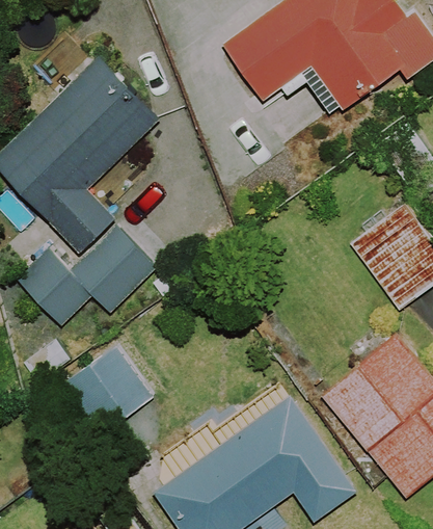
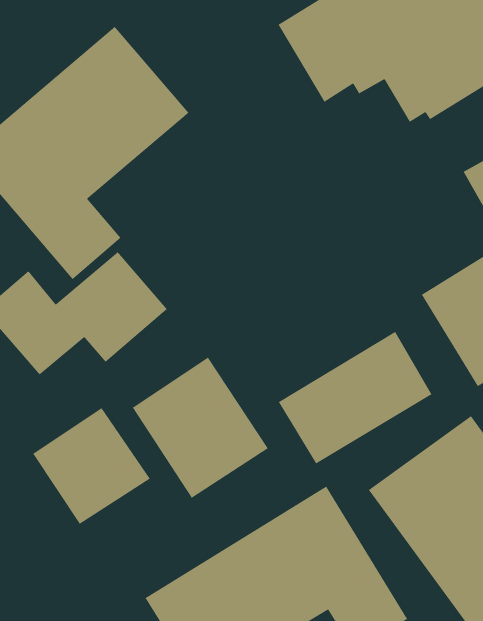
building: none -> [278,331,433,464]
building: none -> [132,357,269,499]

